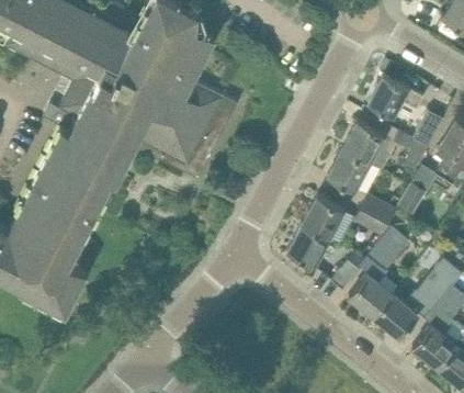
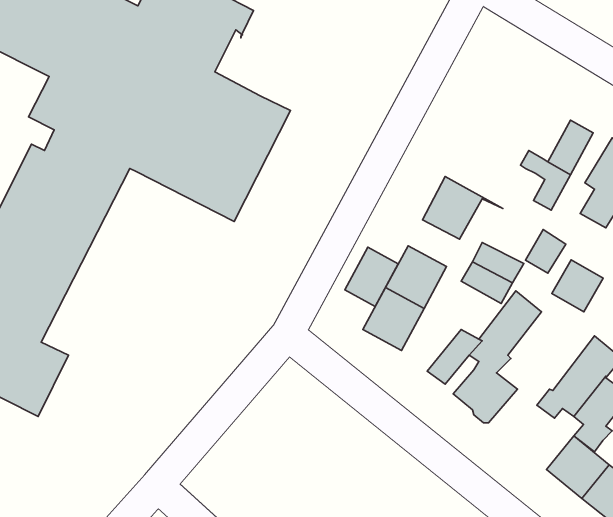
building: [369,75,425,117] -> none
building: [343,121,398,170] -> none
building: none -> [345,247,398,307]
building: none -> [552,260,603,312]
building: [373,293,418,337] -> none

